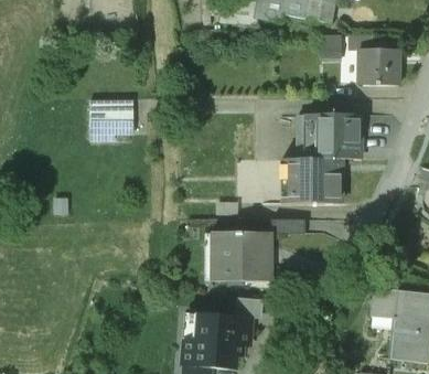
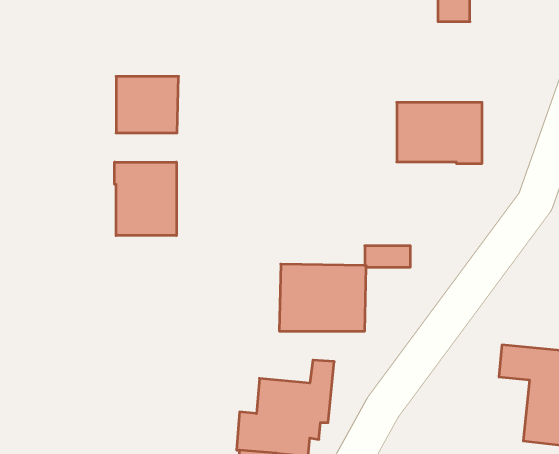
building: [360,49,400,84] -> none
building: [281,157,341,202] -> none
building: none -> [115,162,176,236]

